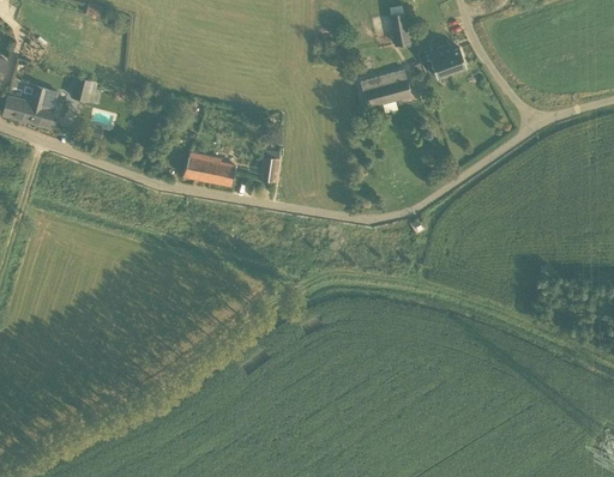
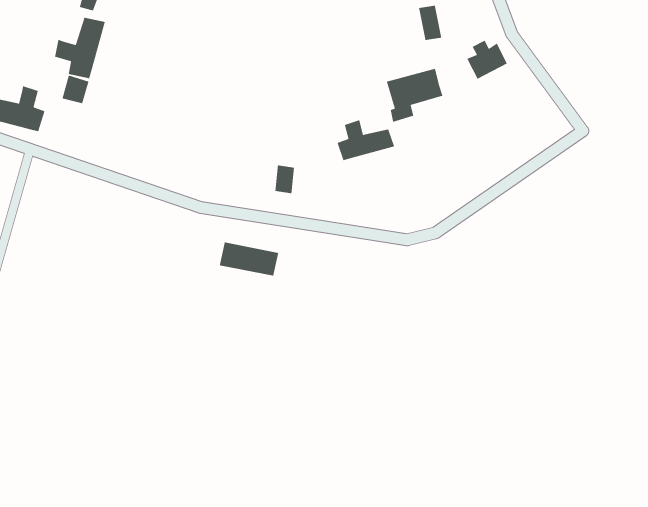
building: none -> [54,17,106,79]
building: none -> [337,119,395,161]
building: [182,153,236,185] -> [219,242,279,277]

